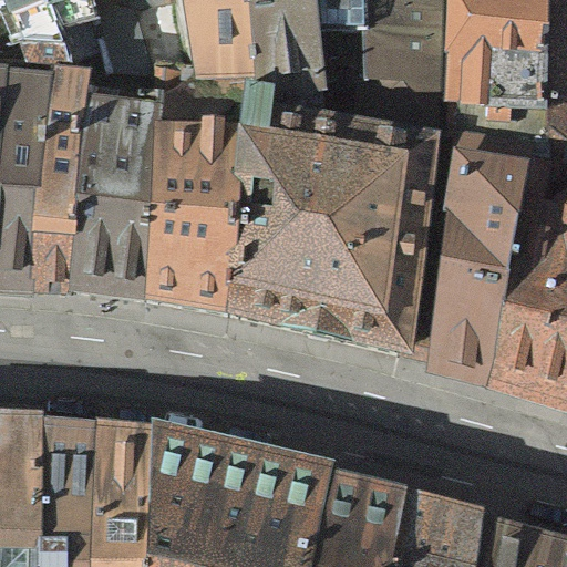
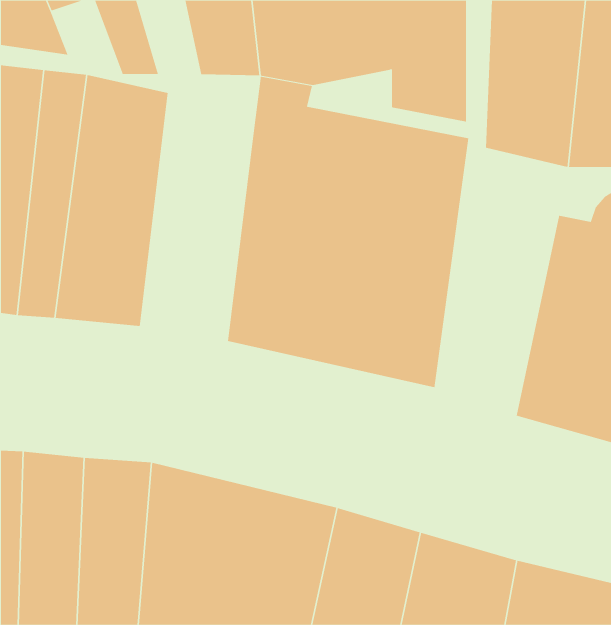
building: [140,84,241,309] -> none
building: [425,134,527,377] -> none

